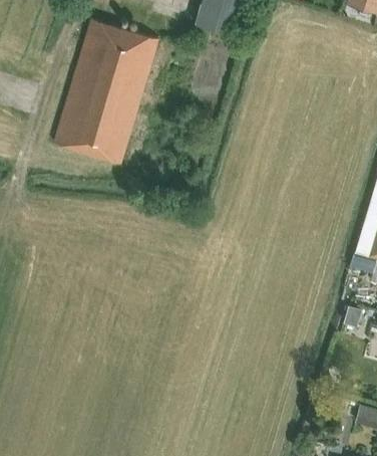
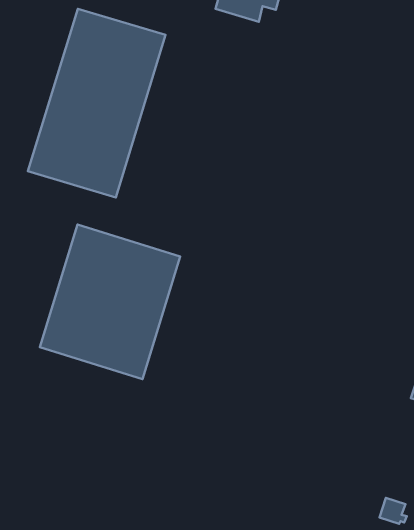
building: none -> [40,224,180,379]

